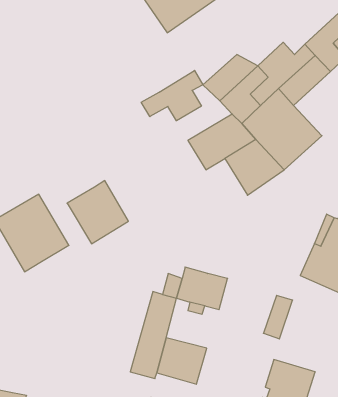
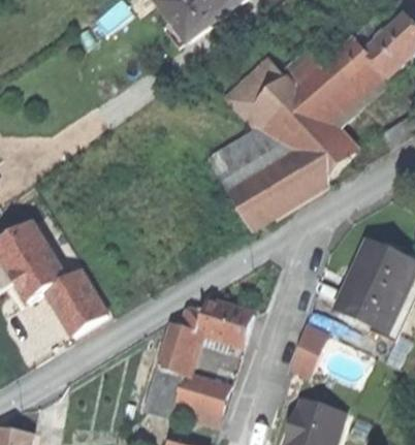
building: [141,70,203,121] -> none
building: none -> [227,179,273,231]
building: [67,181,128,244] -> [47,266,115,336]

